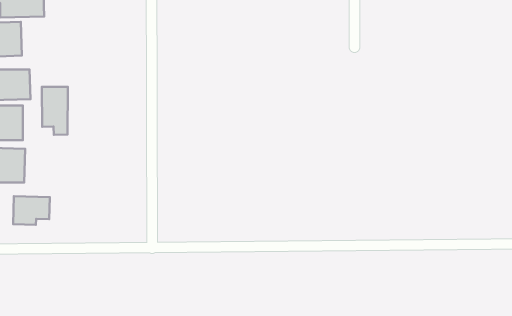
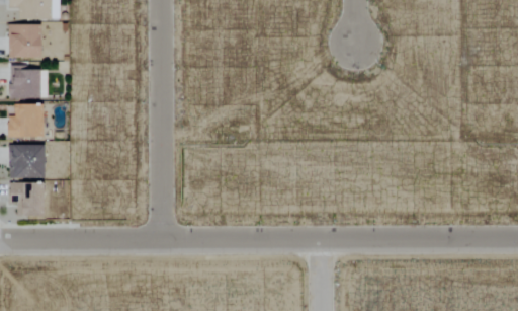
building: [42,87,68,135] -> none
building: [13,196,50,225] -> none

